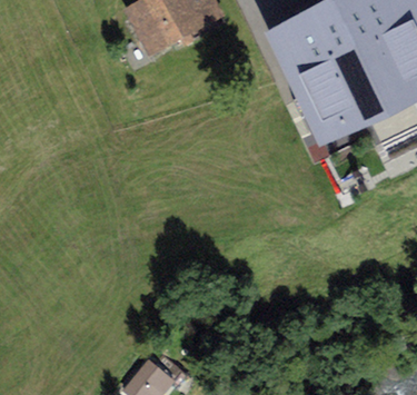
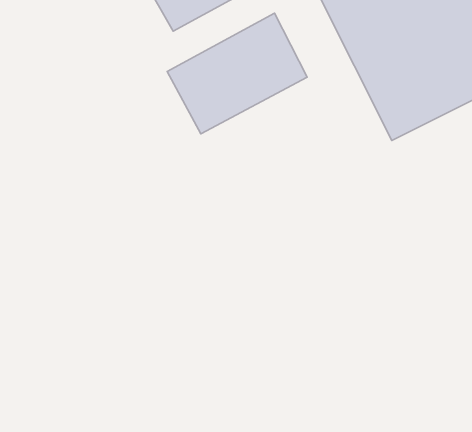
building: none -> [167,13,307,134]

